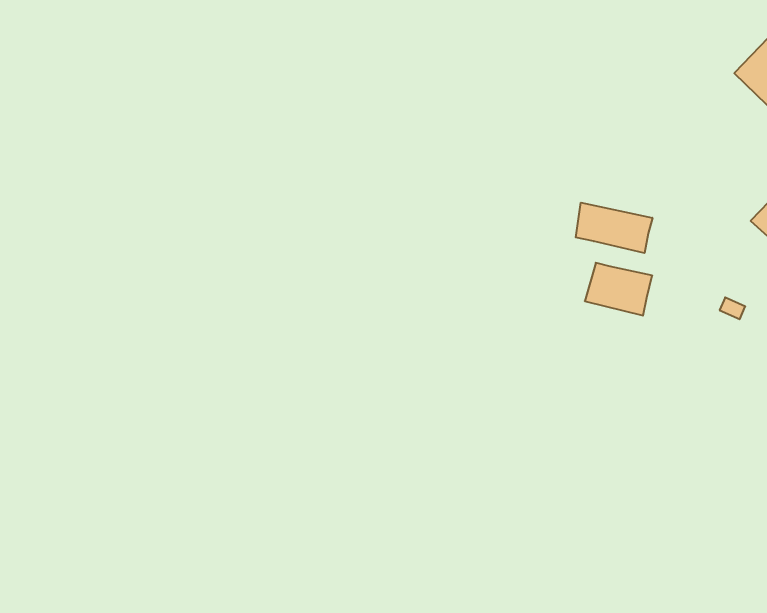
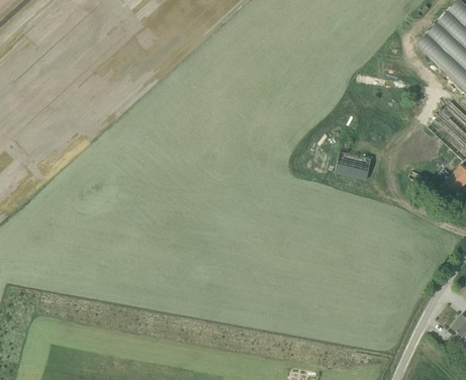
building: [576,203,652,253] -> none

